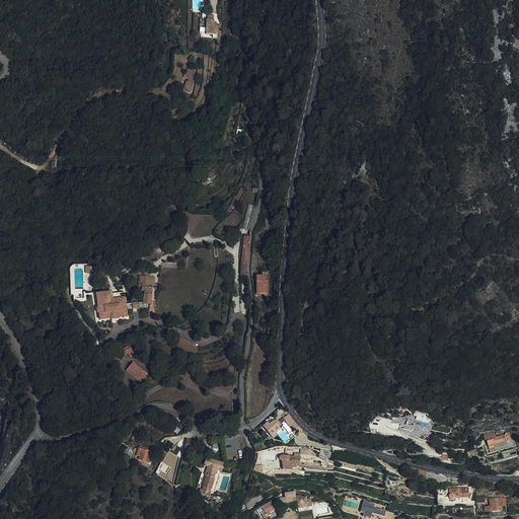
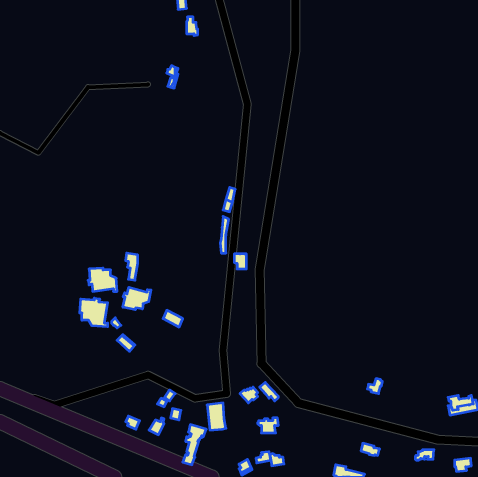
building: none -> [123,287,151,310]
building: none -> [80,298,108,327]

